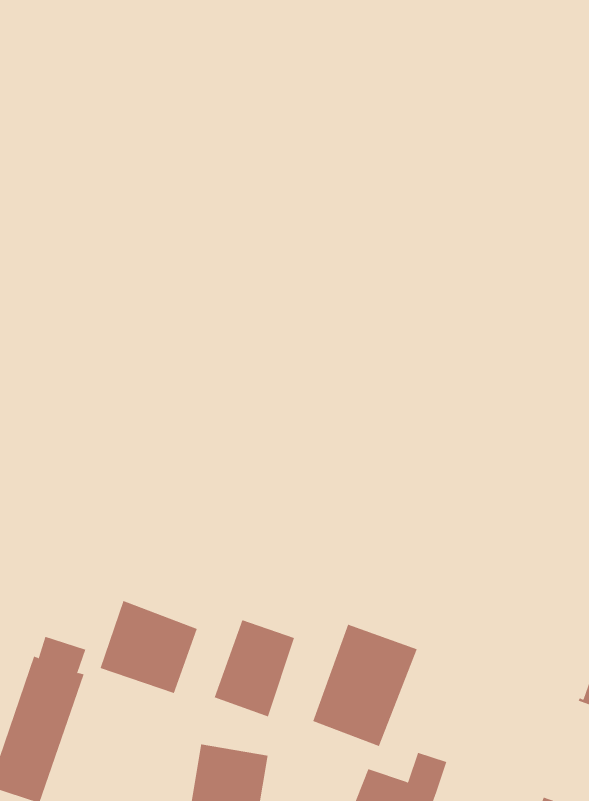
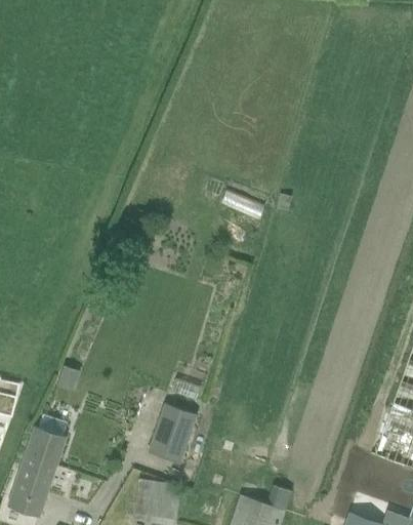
building: [100,600,197,694] -> none
building: [312,624,417,747] -> none

